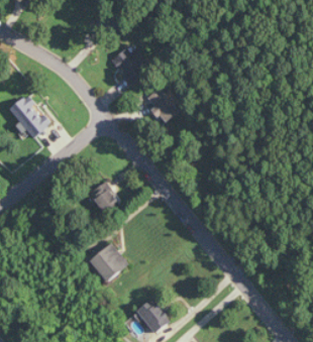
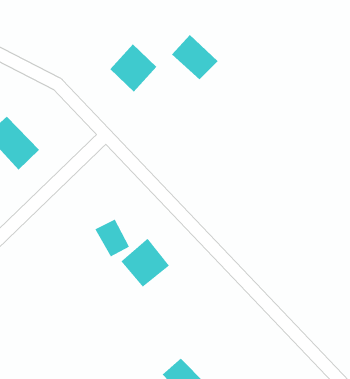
building: [140,87,178,124] -> [171,34,218,80]
building: [88,242,127,281] -> [120,238,170,288]

